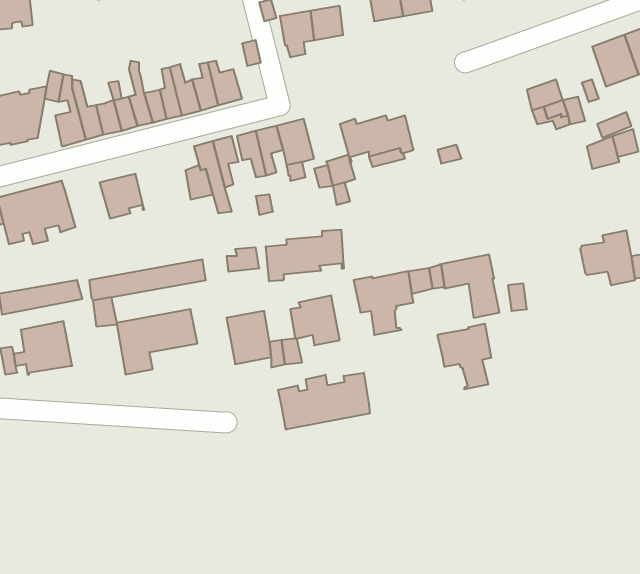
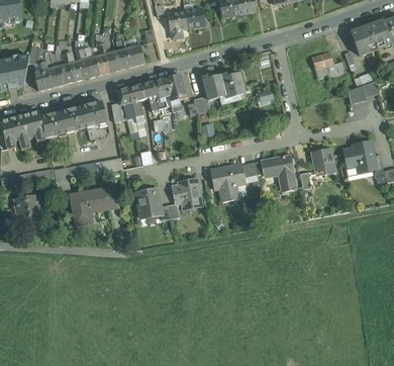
building: none -> [82,100,108,127]
building: none -> [40,111,67,138]
building: [266,230,344,281] -> none
building: none -> [311,148,335,174]
building: [438,324,491,389] -> none
building: [278,373,370,430] -> none

